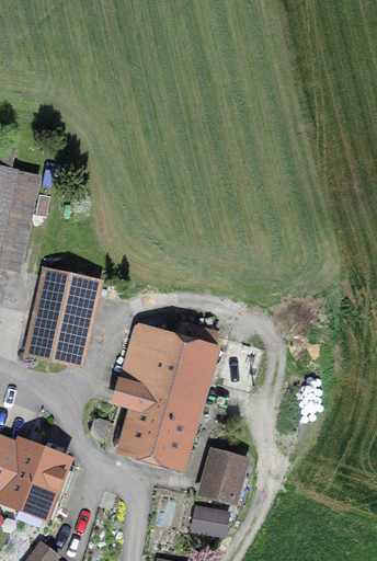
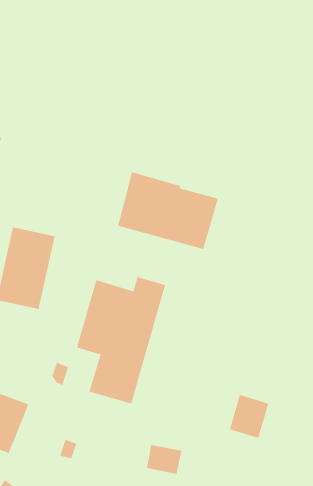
building: none -> [118,171,218,250]
building: [202,456,244,503] -> [229,394,269,439]

